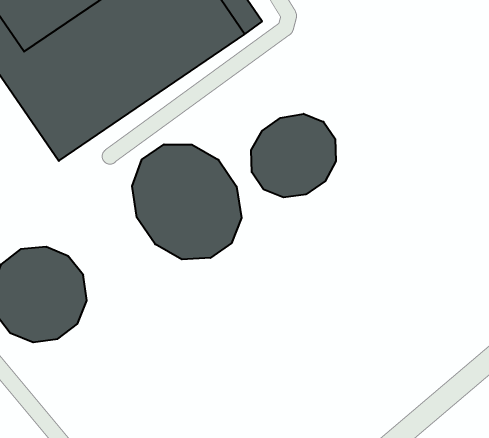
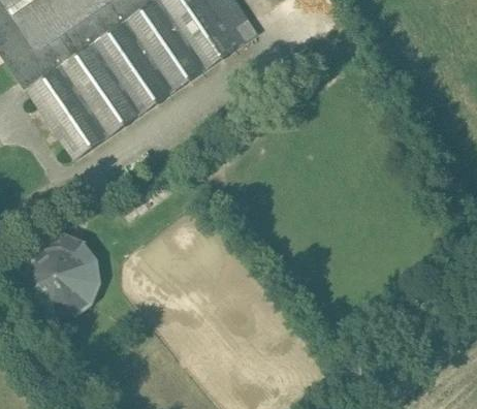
building: [251,114,336,197] -> none
building: [132,144,242,259] -> none

